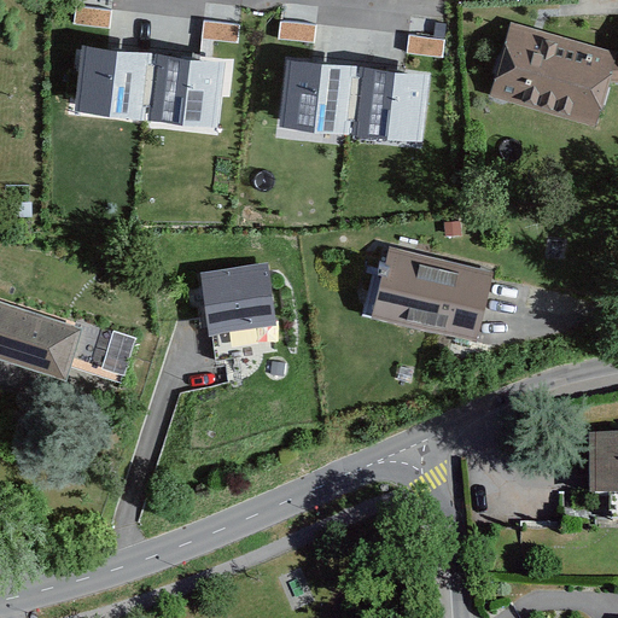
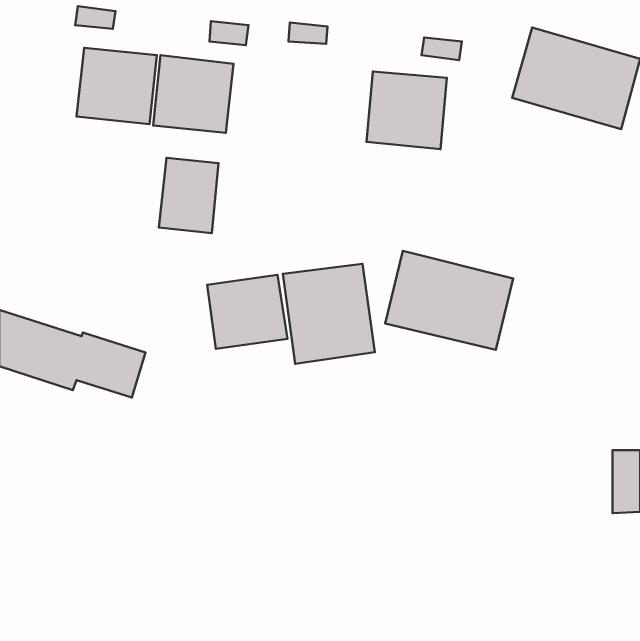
building: [278,60,356,135] -> none
building: none -> [159,158,218,233]
building: none -> [283,264,375,364]

